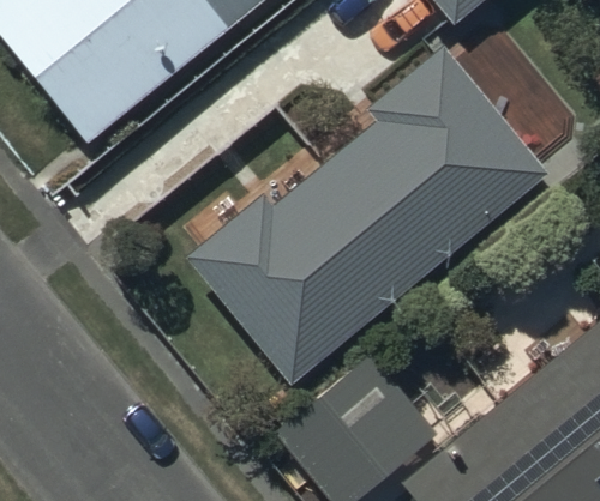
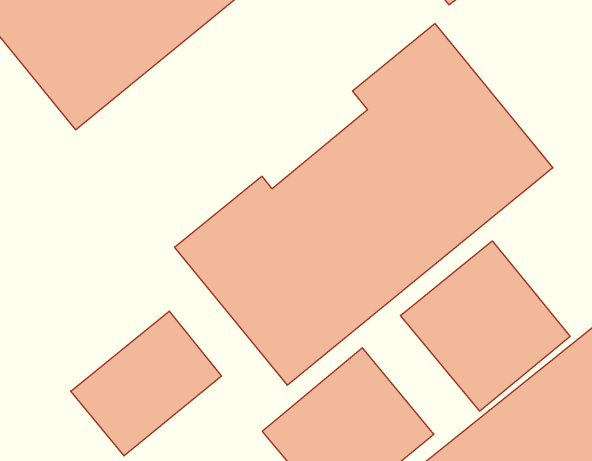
building: none -> [400,241,570,411]
building: none -> [71,311,222,456]

